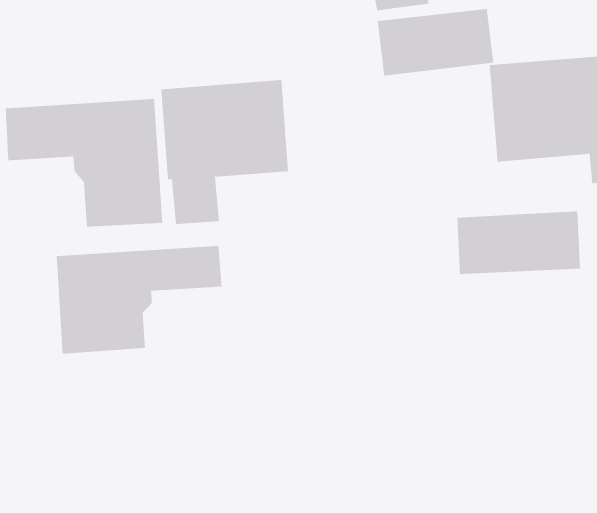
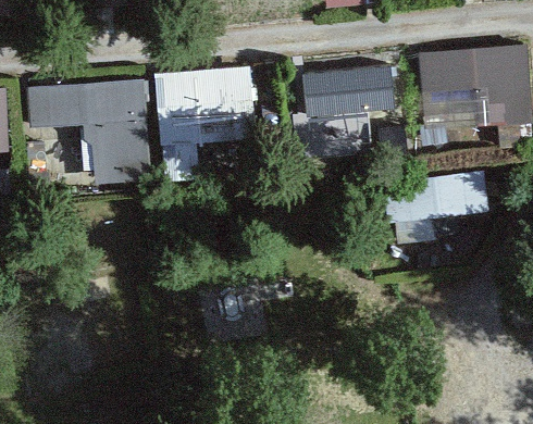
building: [377,9,494,76] -> [300,64,395,119]
building: [56,245,222,355] -> none

